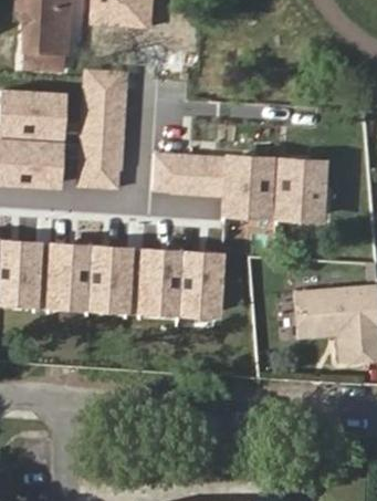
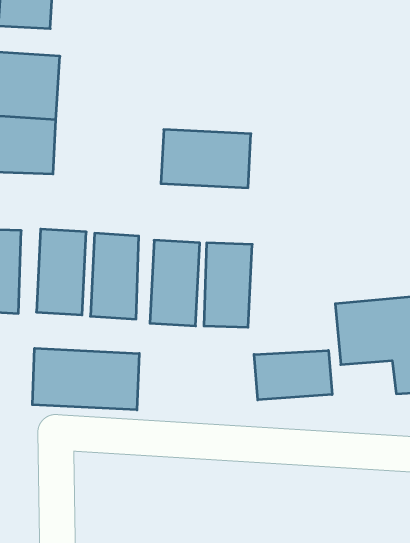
building: [77,71,129,191] -> none
building: [219,156,332,227] -> none
building: none -> [32,348,139,410]
building: none -> [254,350,332,400]

